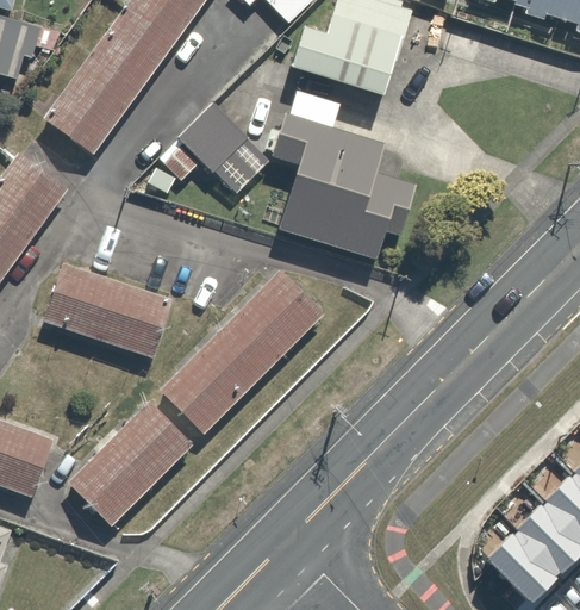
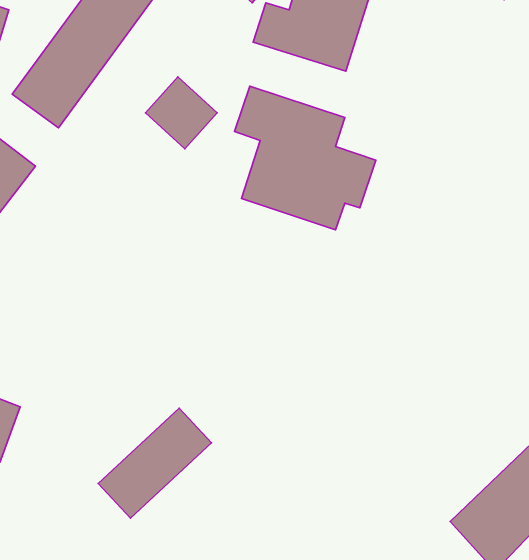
building: [45,264,171,357] -> none
building: [162,274,320,430] -> none
building: [70,404,187,517] -> [98,408,212,518]

